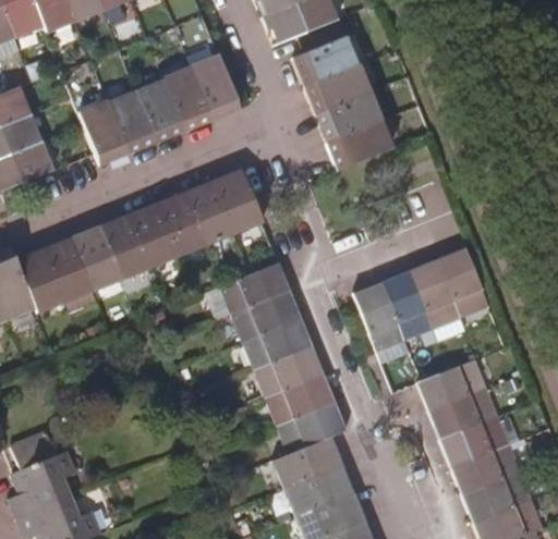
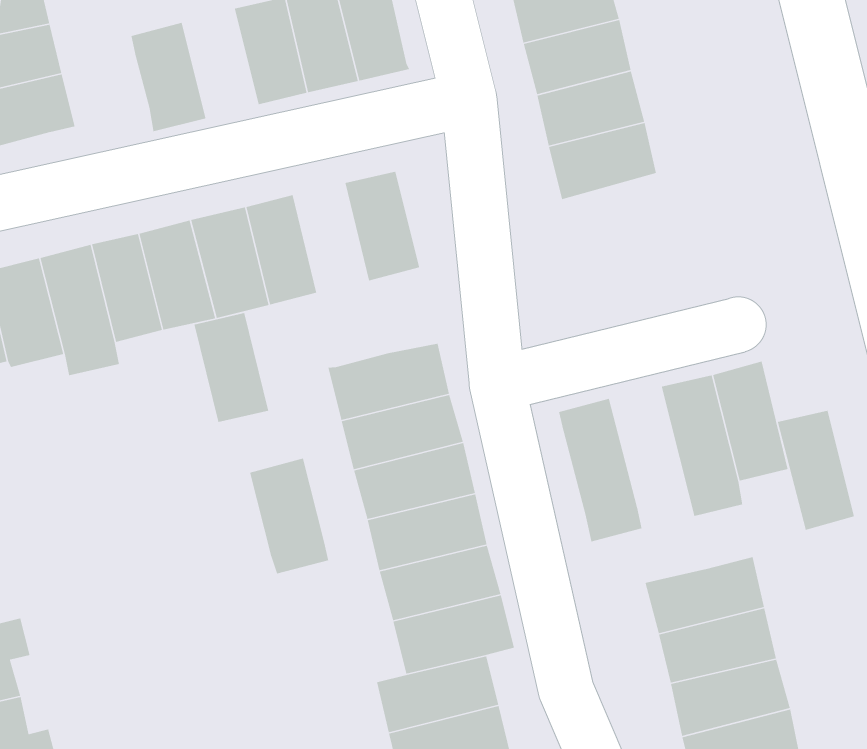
building: [107,89,157,155] -> none
building: [184,180,234,245] -> [194,312,269,423]
building: [381,270,434,341] -> [777,410,855,531]
building: none -> [249,458,329,574]

